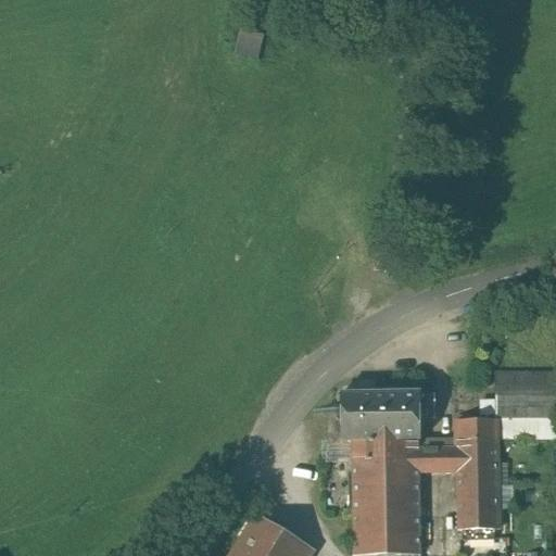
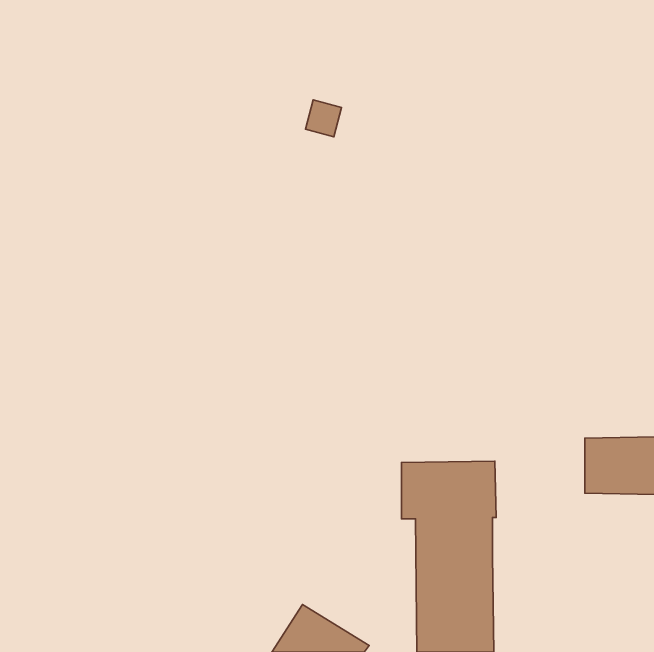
building: [230,28,261,60] -> [305,100,341,137]
building: [418,418,498,528] -> none

